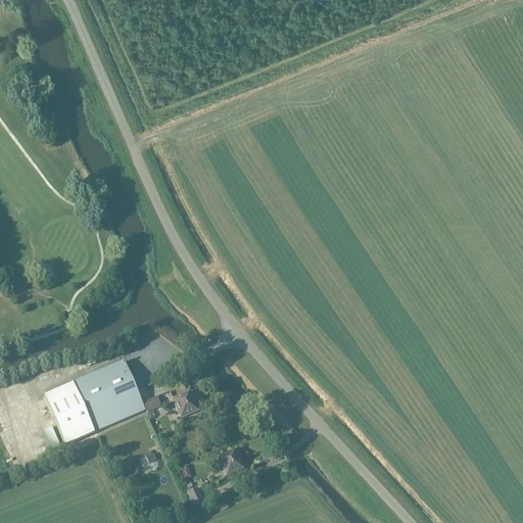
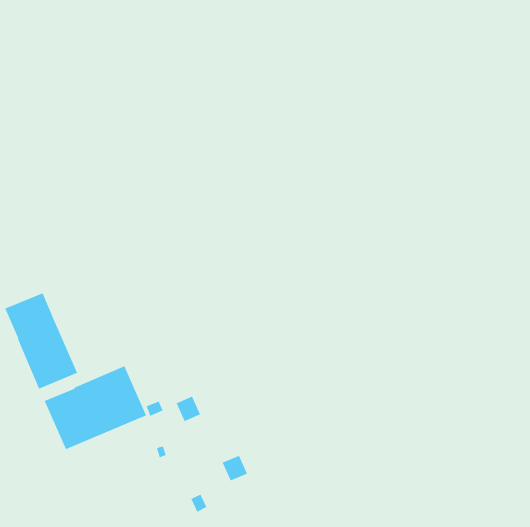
building: none -> [4,292,78,389]

